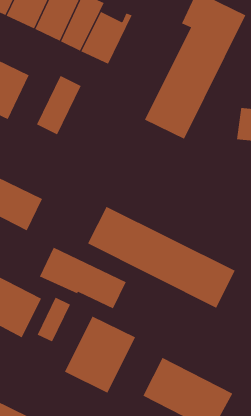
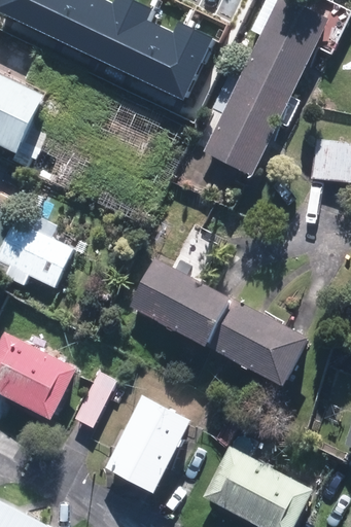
building: [36,75,81,135] -> [154,22,211,97]
building: [39,247,127,309] -> none

